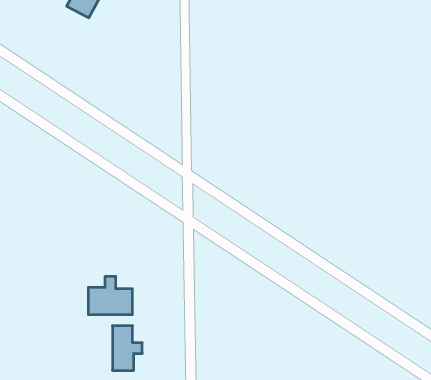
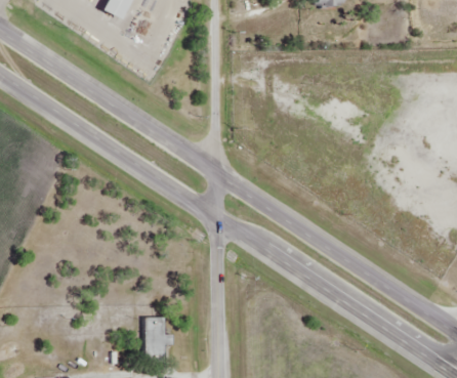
building: [88,276,132,315] -> none

